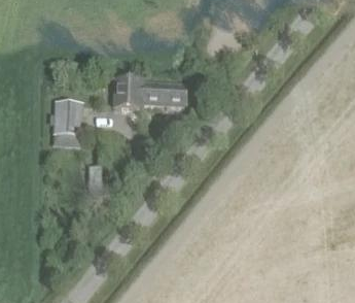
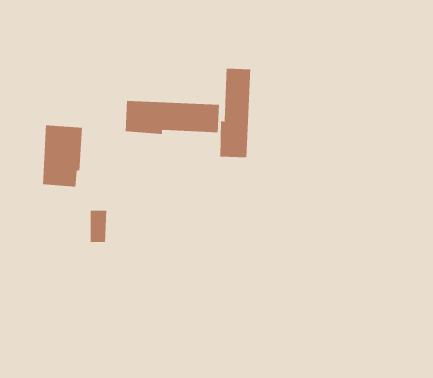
building: none -> [220,68,251,158]

